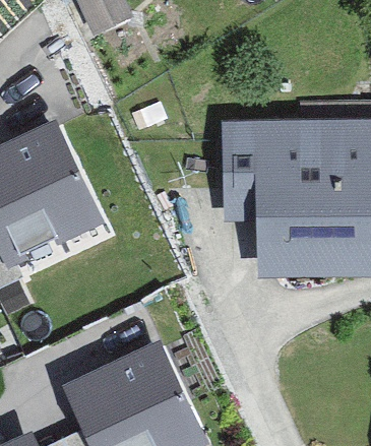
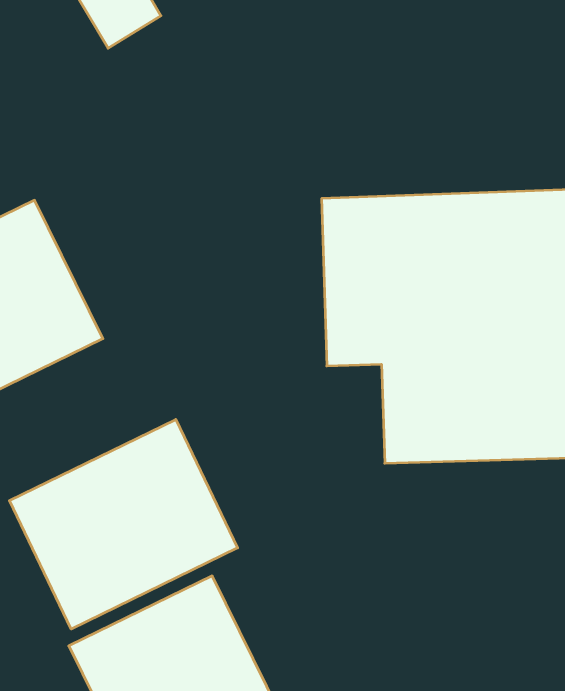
building: none -> [9,419,238,629]

